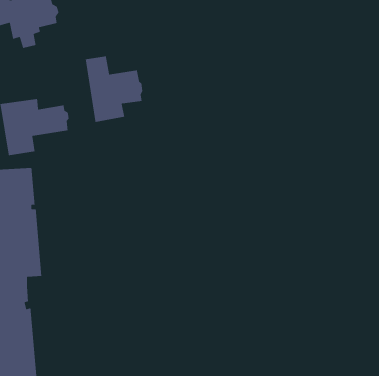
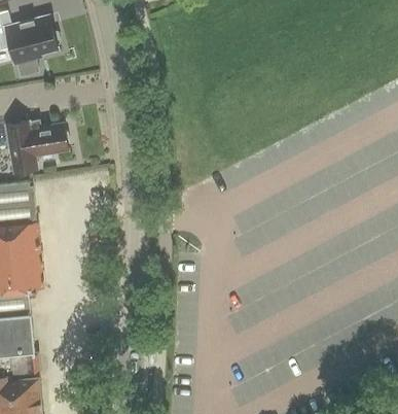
building: [85,55,143,123] -> none

